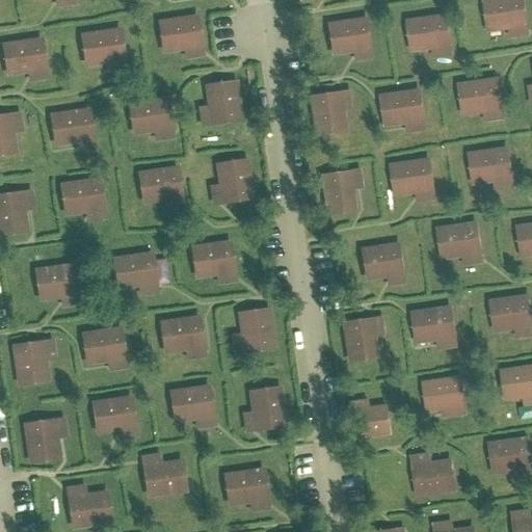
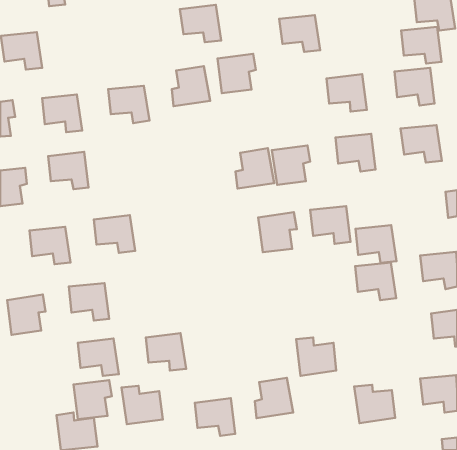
building: [405,12,452,55] -> [401,27,441,64]
building: [157,17,205,60] -> [180,5,221,42]
building: [78,29,125,73] -> none
building: [305,92,350,138] -> [217,54,256,93]
building: [212,154,257,201] -> [236,148,274,188]
building: [138,167,185,211] -> none
building: [437,221,485,265] -> [355,225,397,263]
building: [187,242,234,286] -> none
building: [234,313,277,360] -> none
building: [344,313,389,360] -> [258,212,297,252]
building: [160,317,207,361] -> none
building: [421,377,469,420] -> none
building: [244,383,289,430] -> [255,378,293,418]
building: [23,415,68,460] -> [73,380,112,419]

